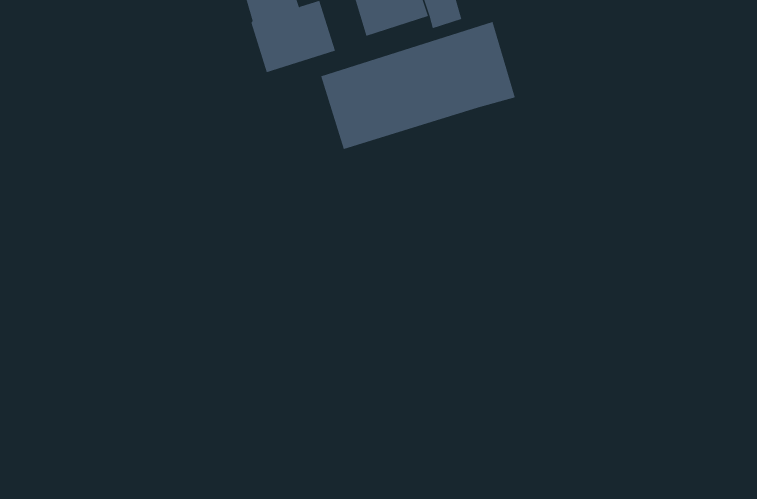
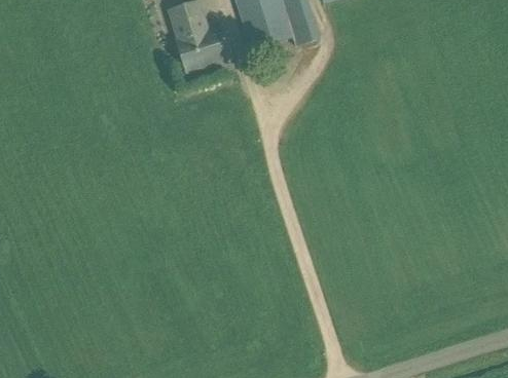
building: [321,21,515,150] -> none

